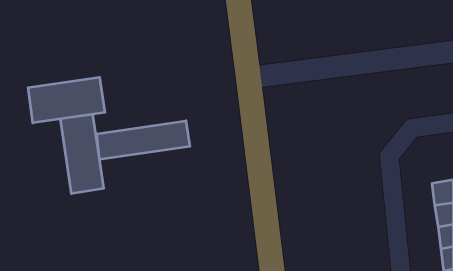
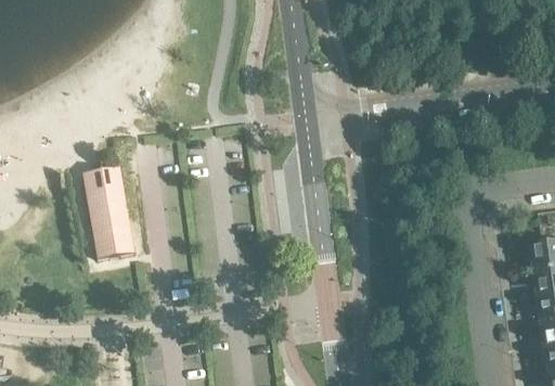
building: [28,77,105,123] -> none
building: [97,121,190,160] -> none

